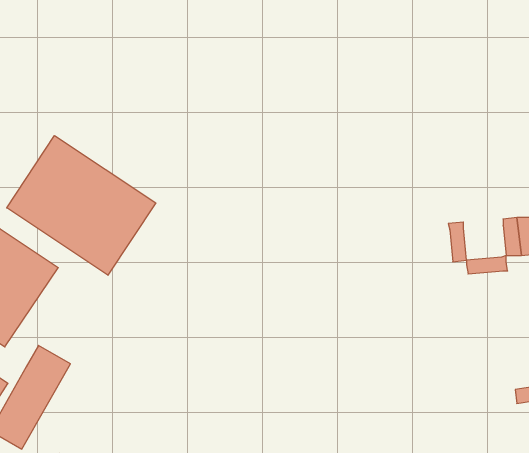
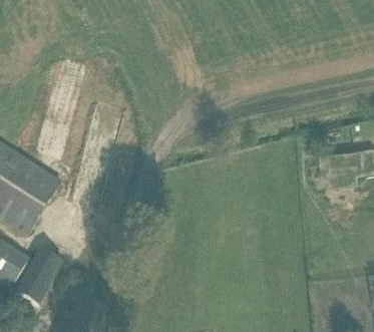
building: [7,136,156,275] -> none

